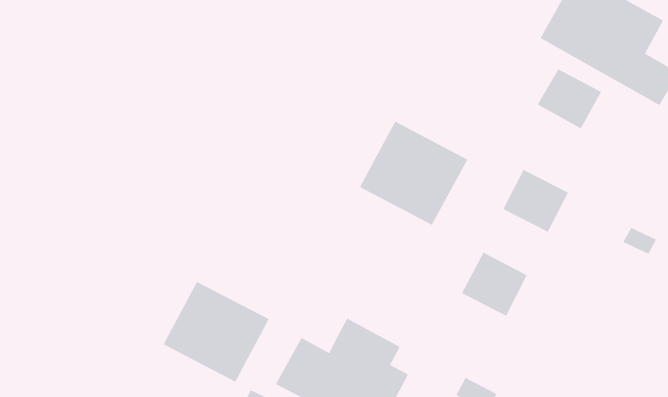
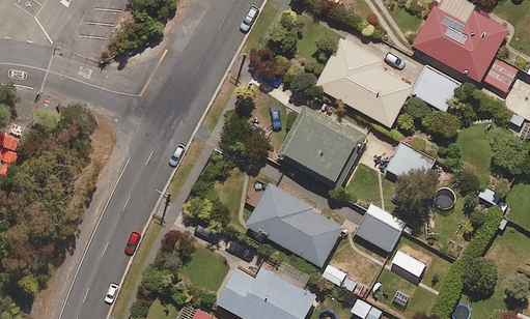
building: none -> [313,38,412,127]
building: none -> [246,183,342,267]
building: [163,281,269,383] -> none

